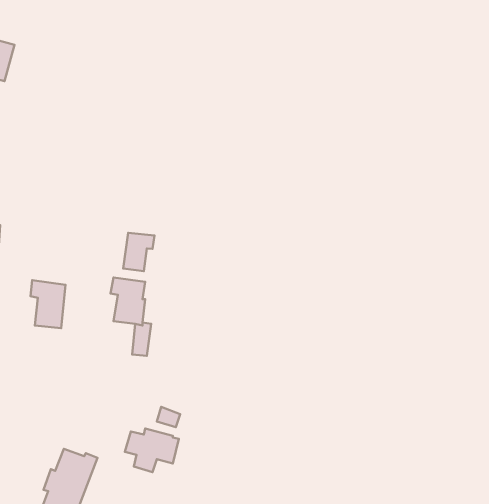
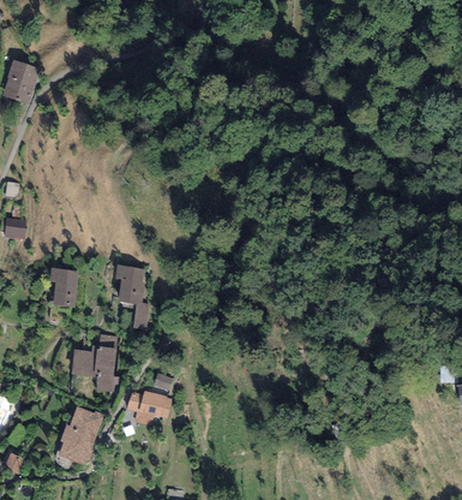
building: [123,233,155,271] -> none
building: none -> [72,333,116,392]

